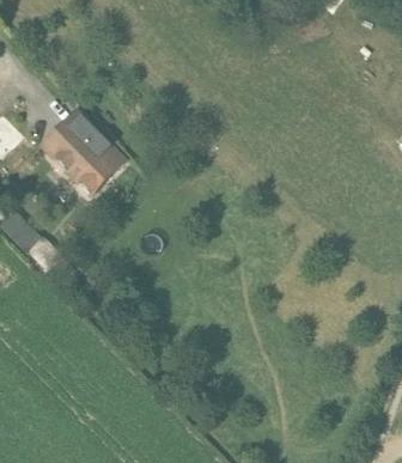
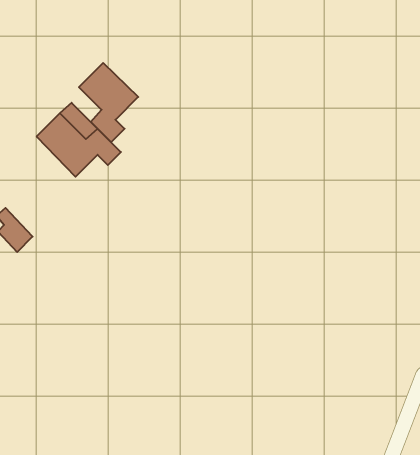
building: none -> [79,63,138,142]

